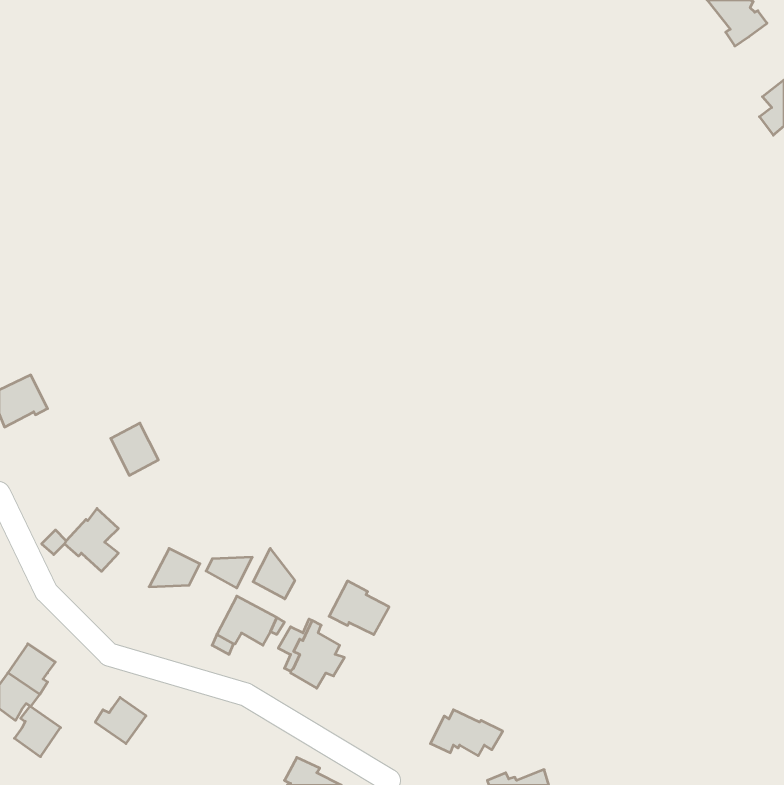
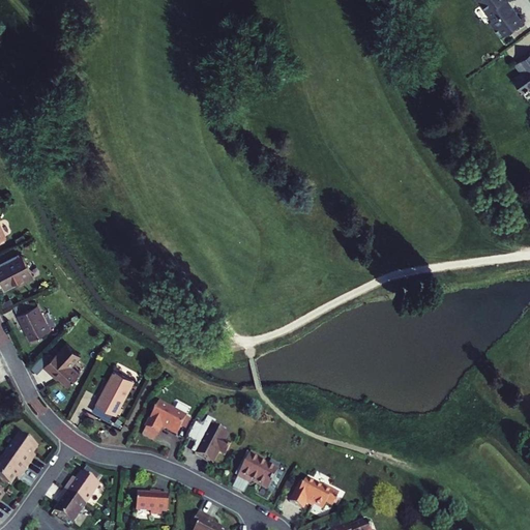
building: [111,423,158,475] -> [17,304,49,340]
building: [253,548,295,599] -> none
building: [206,557,252,588] -> [96,394,127,415]
building: [329,581,389,635] -> [238,452,278,489]
building: [14,706,61,757] -> [54,487,85,521]
building: none -> [136,491,168,514]

